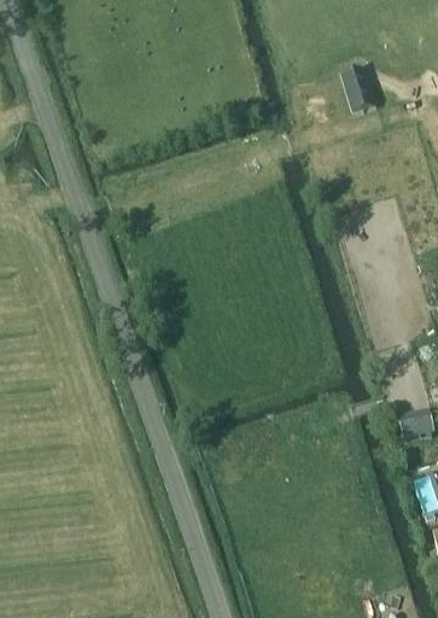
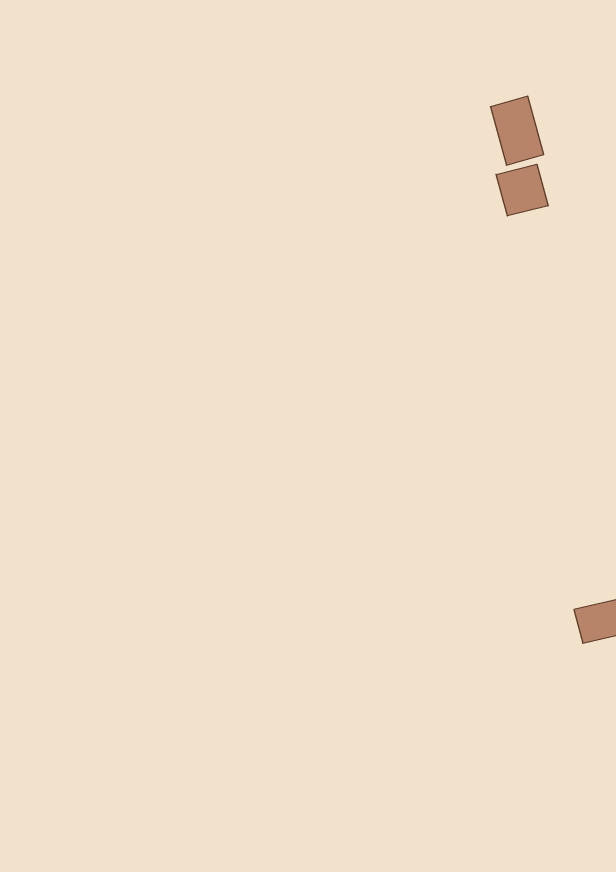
building: none -> [496,164,548,216]

